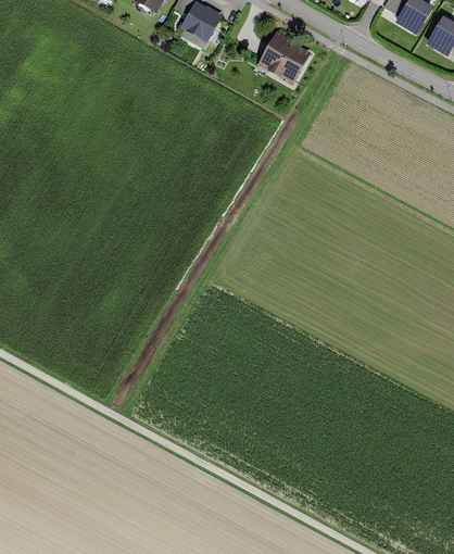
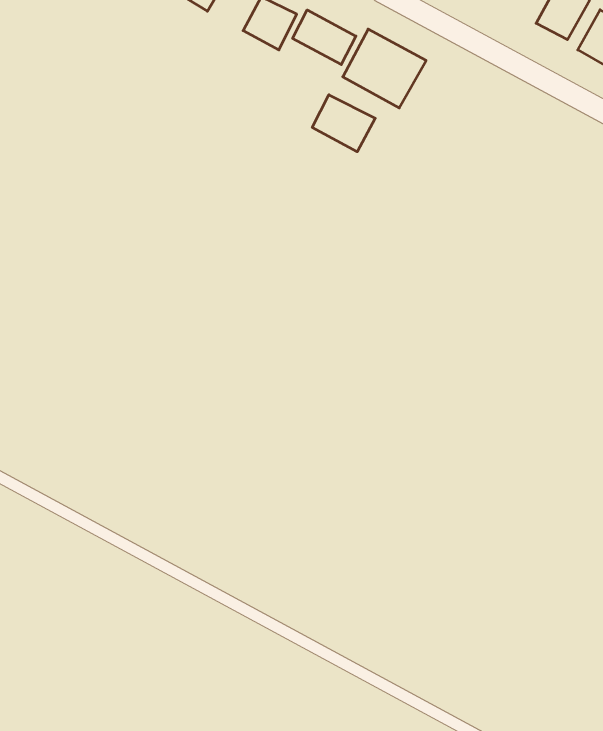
building: none -> [293,10,356,65]
building: none -> [312,95,375,152]

